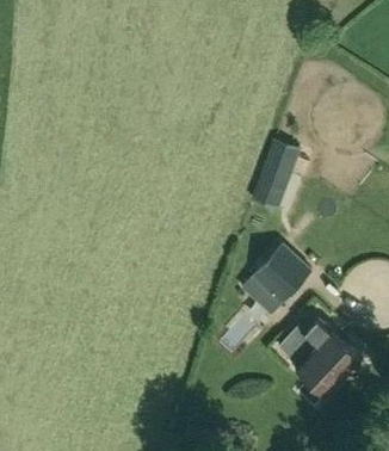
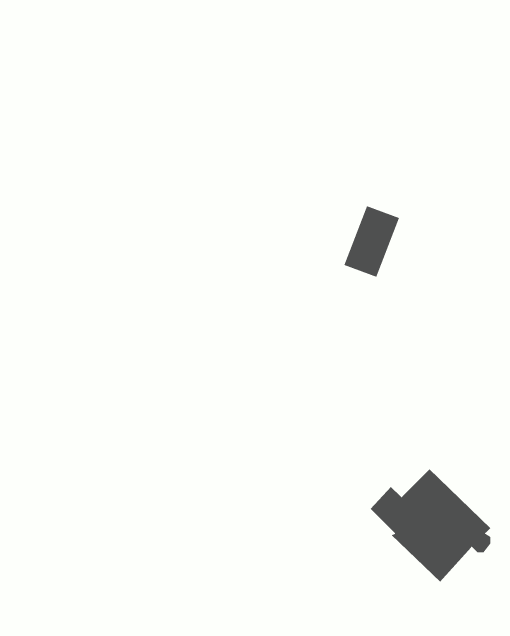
building: [254,247,310,303] -> none

